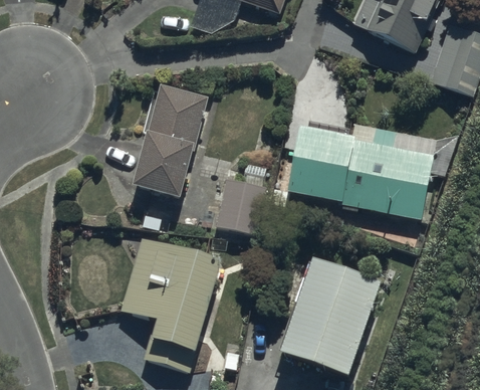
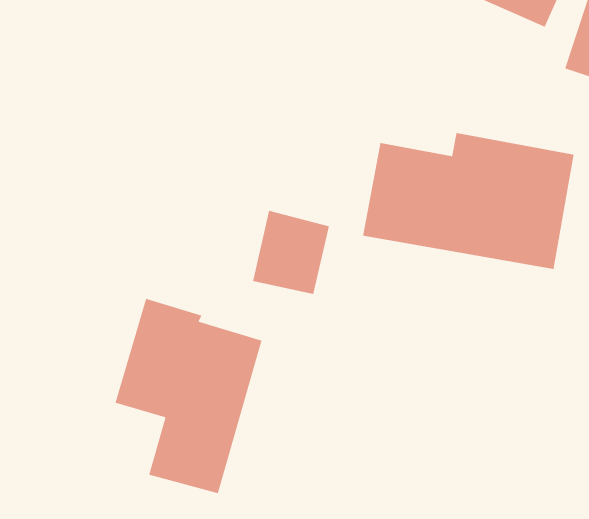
building: [133,82,207,202] -> none
building: [282,262,384,379] -> none

